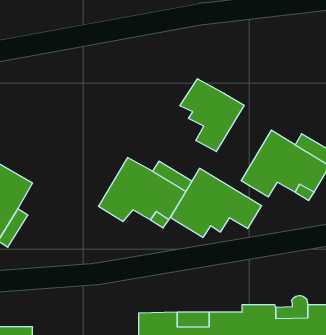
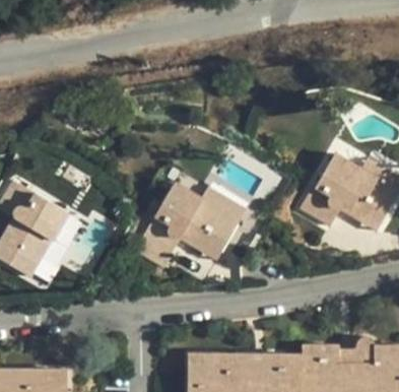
building: [180,79,244,152] -> none
building: [170,168,261,238] -> none

